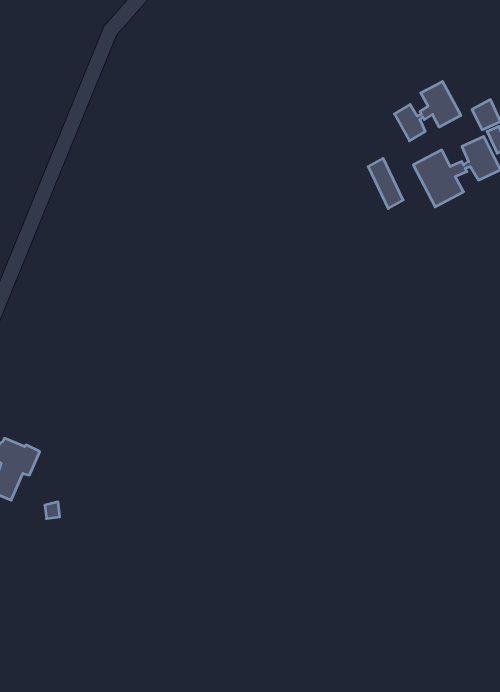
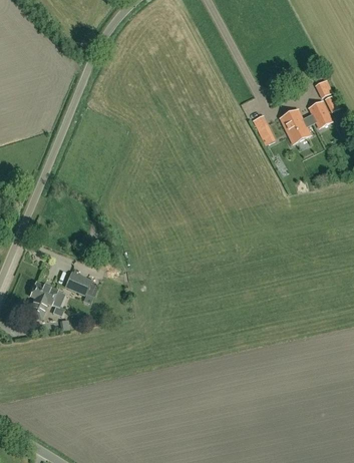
building: [394,81,461,141] -> none
building: none -> [64,271,91,295]

